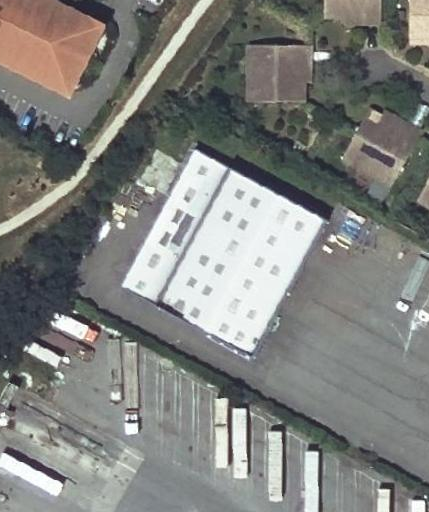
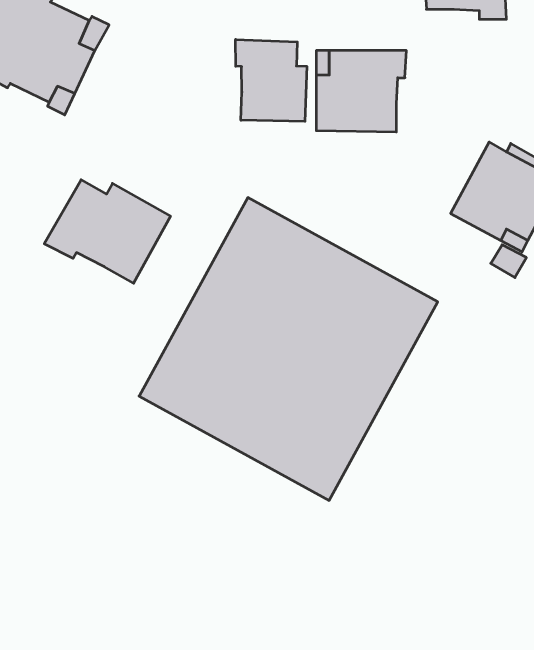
building: none -> [236,39,307,121]
building: none -> [44,180,170,283]

